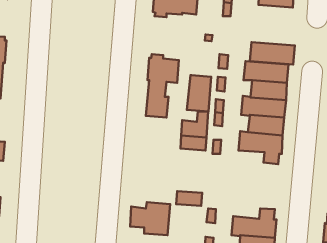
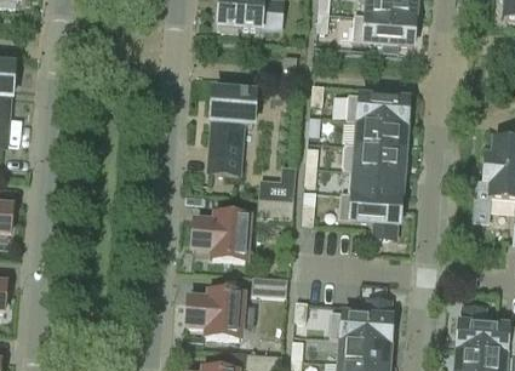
building: [250,42,295,65] -> [353,12,416,44]
building: [187,75,211,111] -> none
building: none -> [194,212,250,259]

